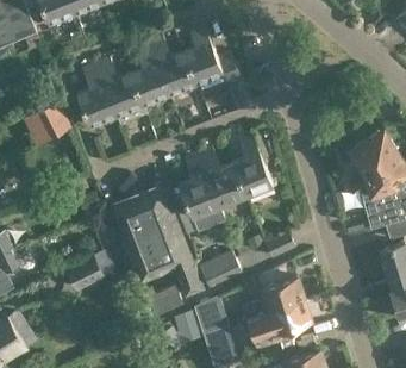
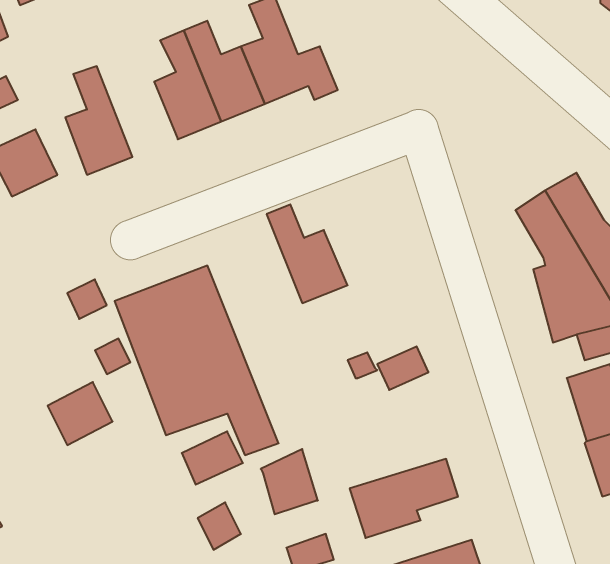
building: [95,57,146,125] -> none
building: [232,131,273,195] -> none
building: [179,152,225,232] -> none
building: [199,251,242,288] -> none
building: [241,277,306,319] -> none

